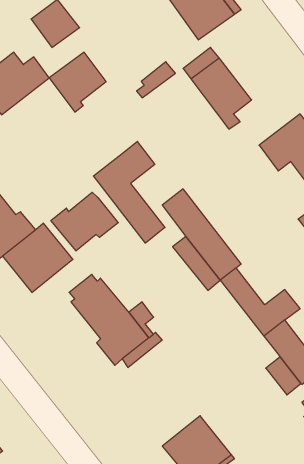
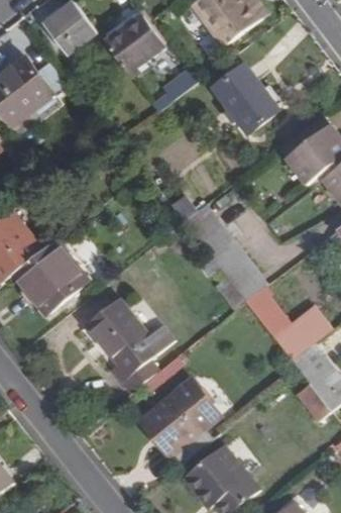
building: [49,52,106,112] -> [102,14,162,78]
building: [93,141,165,243] -> none
building: [51,192,118,251] -> none
building: none -> [138,377,220,465]

